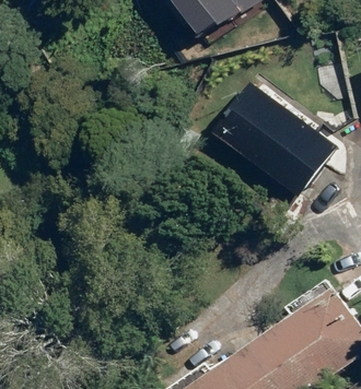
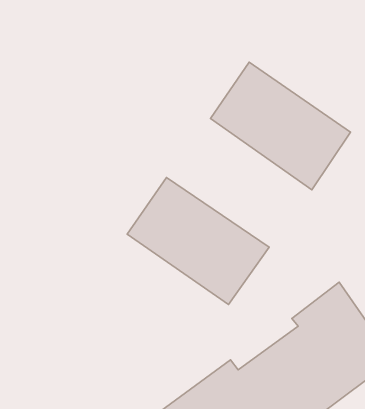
building: none -> [127,177,269,304]

